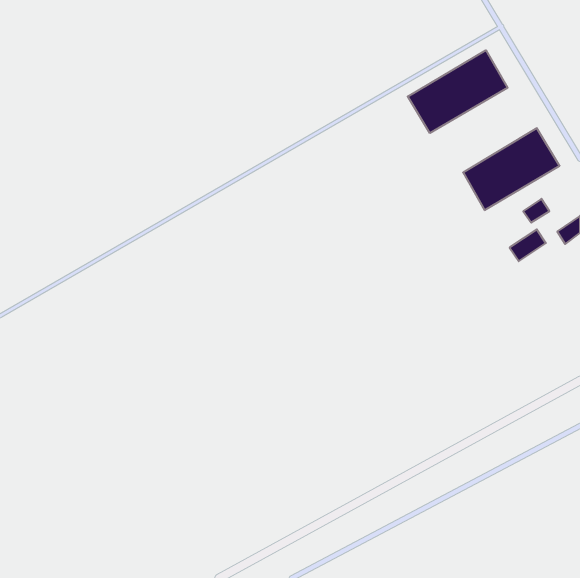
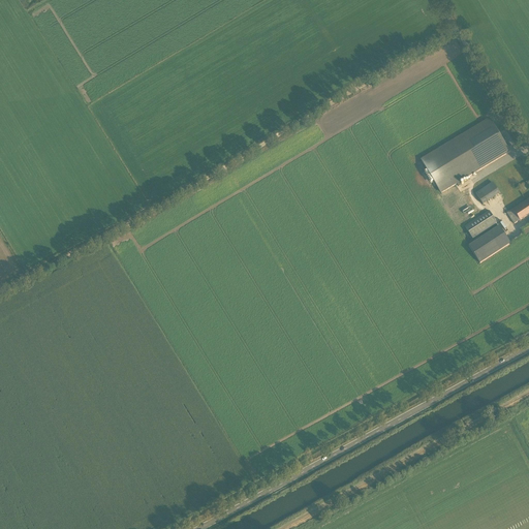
building: [408,50,508,133] -> none
building: none -> [469,224,510,261]

